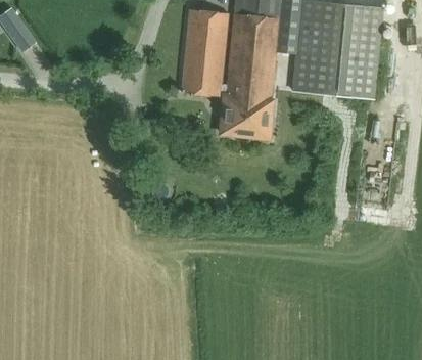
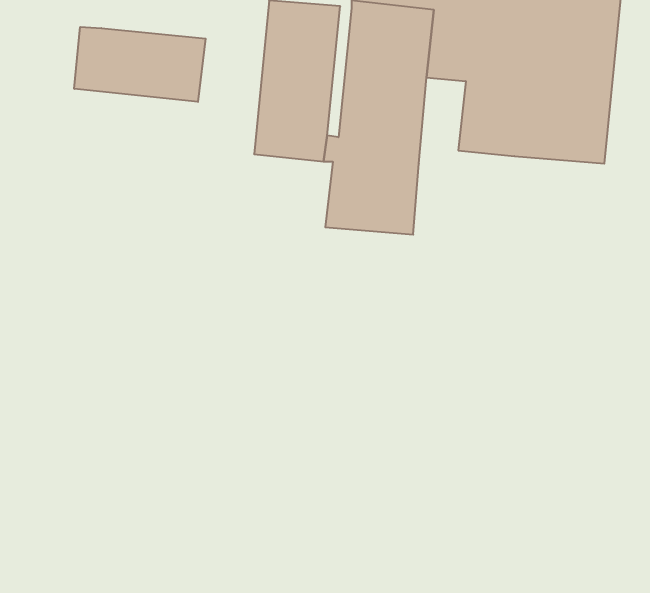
building: none -> [74,27,206,102]

